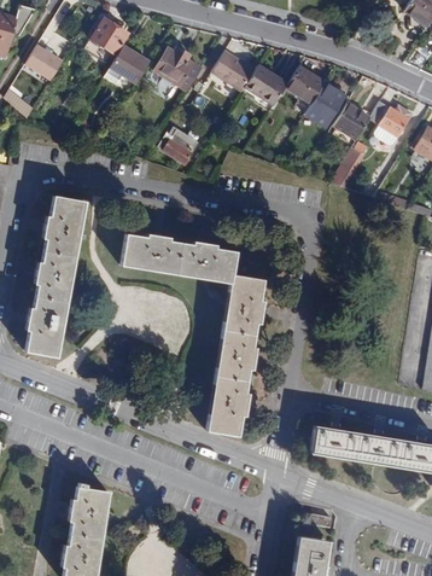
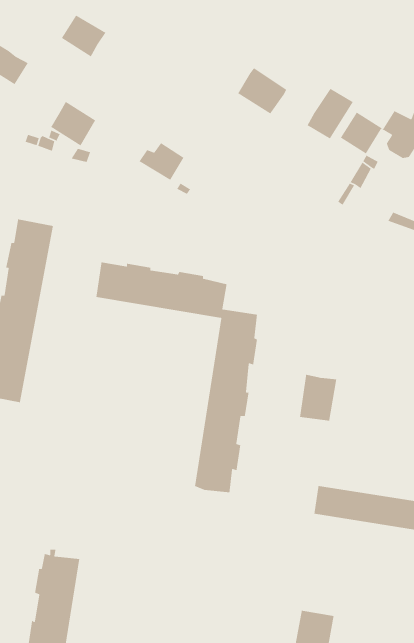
building: [111,45,151,85] -> [50,101,96,147]
building: [156,46,203,91] -> none
building: [211,51,256,91] -> none
building: [286,66,326,104] -> none
building: none -> [299,374,337,422]

